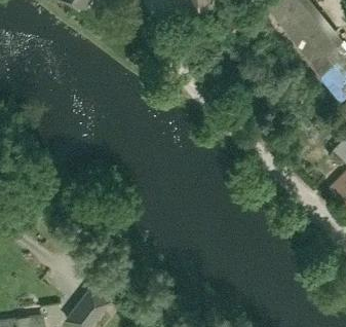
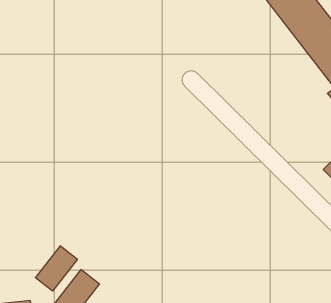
building: none -> [35,246,77,291]

